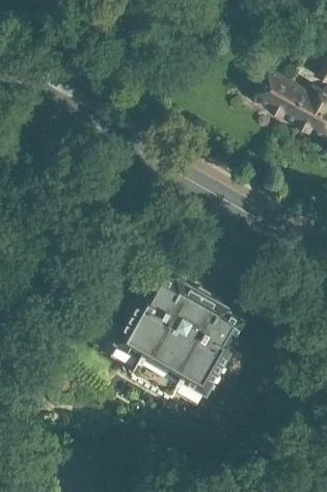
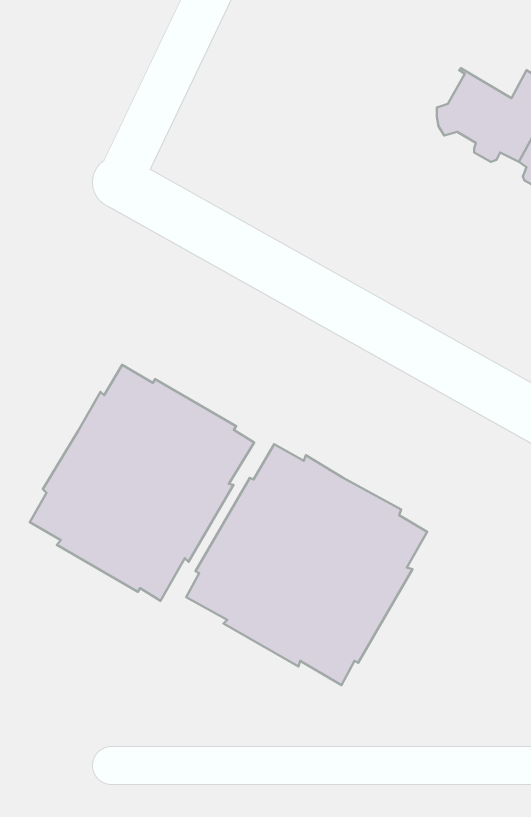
building: none -> [30,365,254,601]

